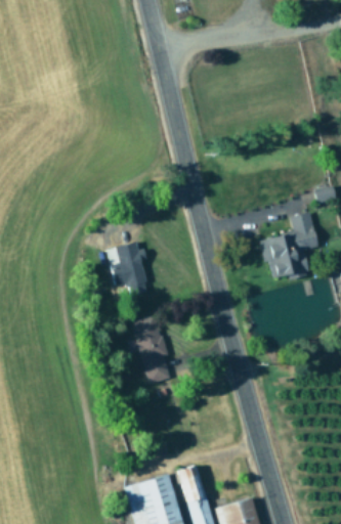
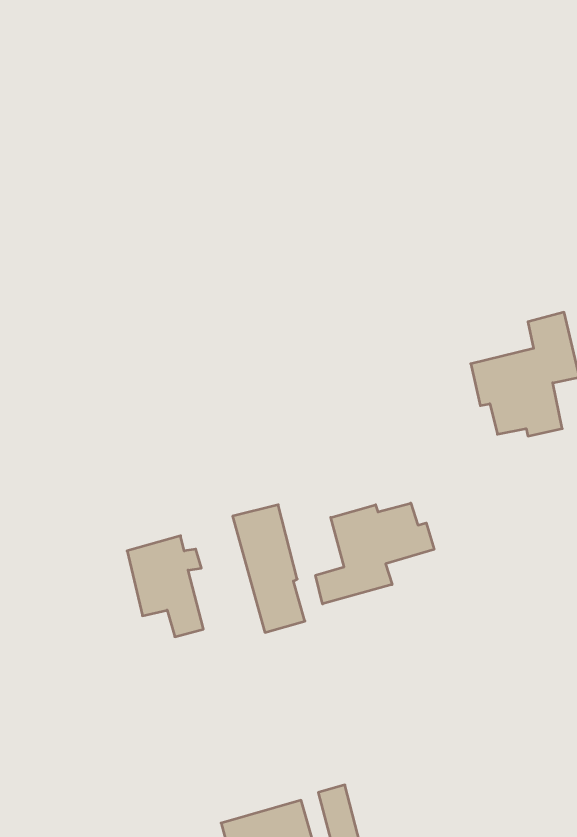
building: [108,243,148,297] -> [127,536,203,637]
building: none -> [316,503,434,604]

